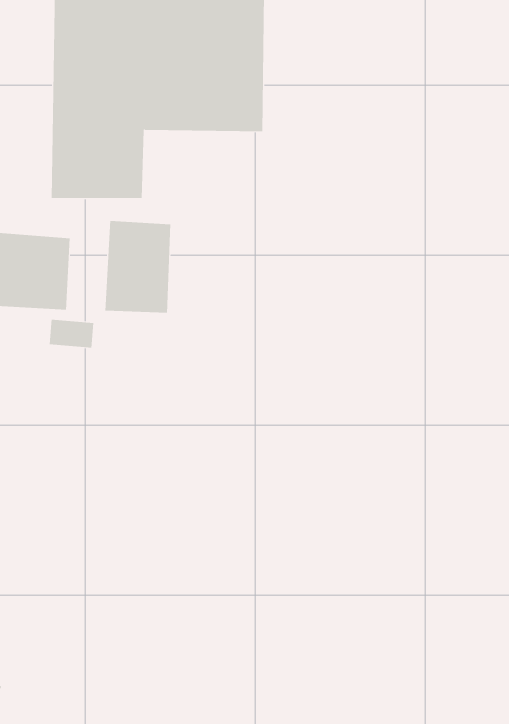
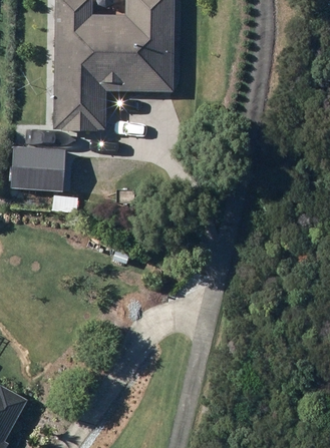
building: [105,220,171,314] -> none

